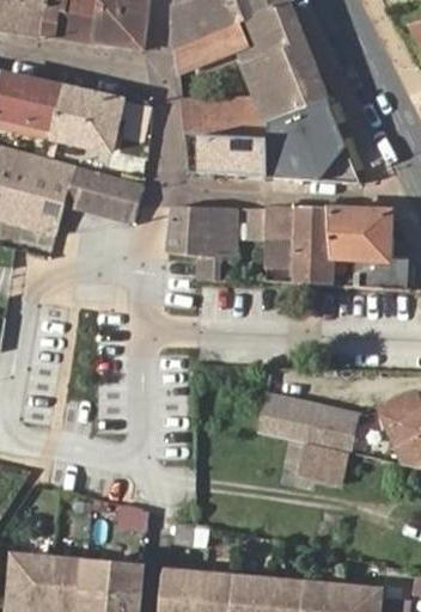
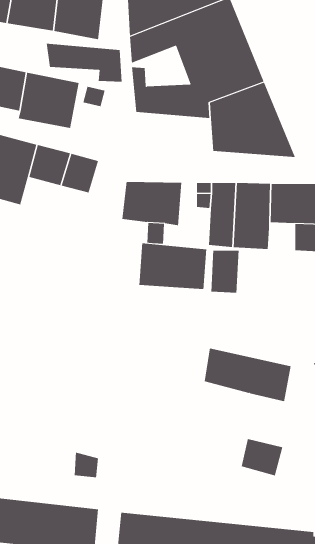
building: [183,131,268,175] -> [46,43,123,82]
building: none -> [139,243,207,290]
building: none -> [211,250,239,293]
building: [301,442,348,484] -> [241,438,283,476]

